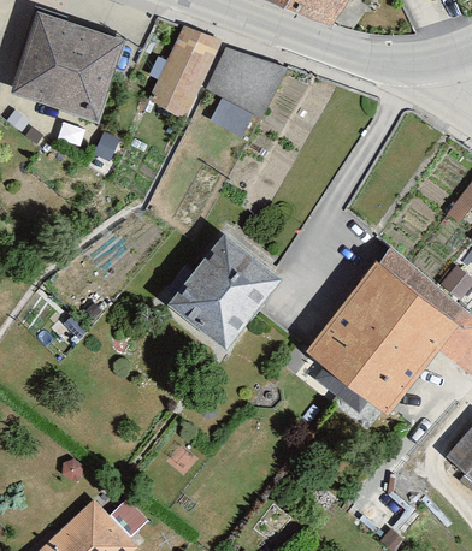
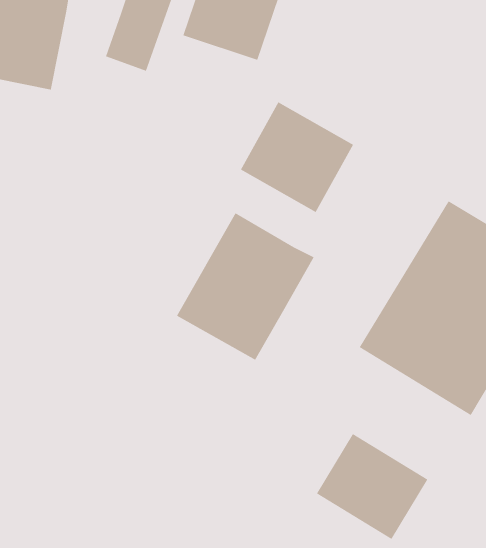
building: none -> [240,102,354,213]
building: none -> [316,433,428,540]

